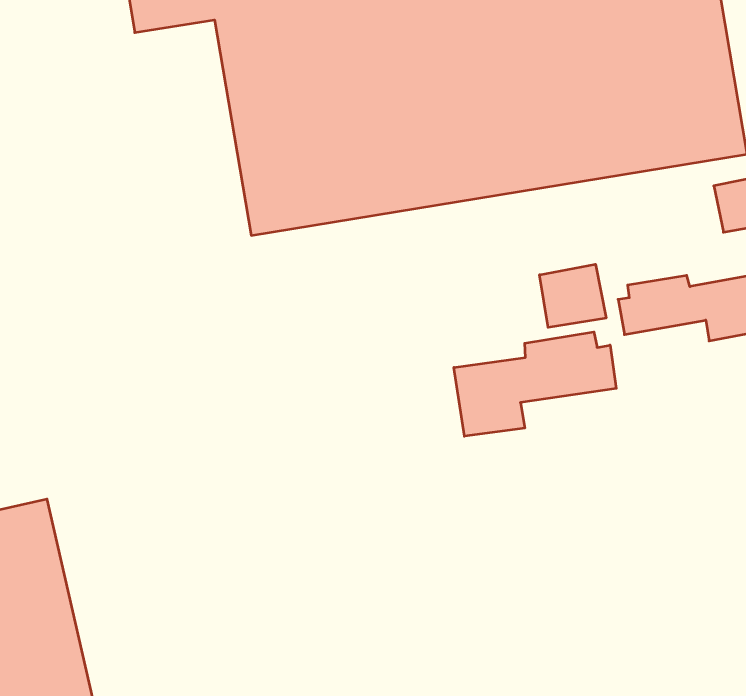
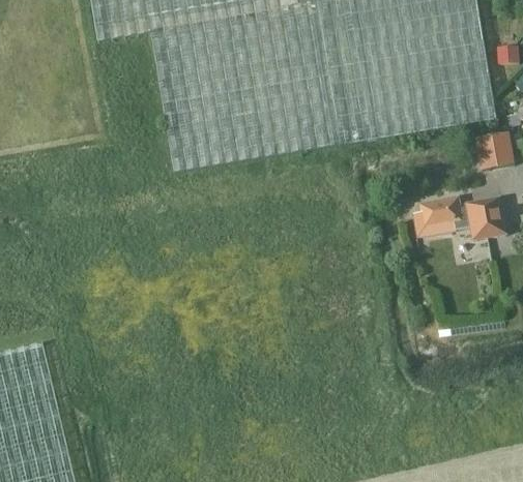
building: [540,264,606,327] -> none
building: [454,332,616,436] -> none

